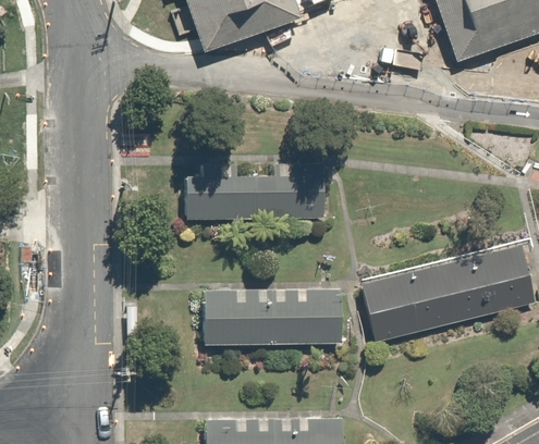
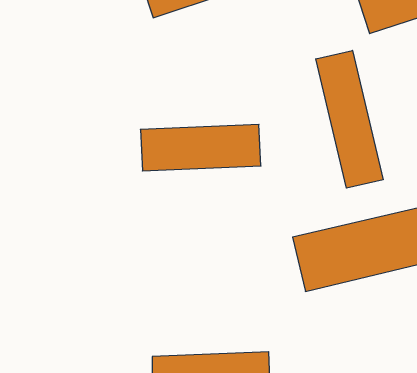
building: none -> [316,50,383,188]
building: [185,288,326,358] -> none

